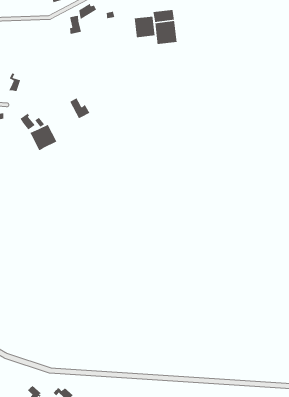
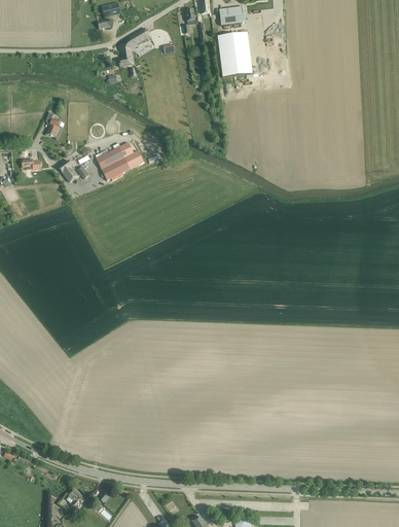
building: [134,16,155,38] -> none
building: [29,124,58,151] -> [96,146,130,179]

